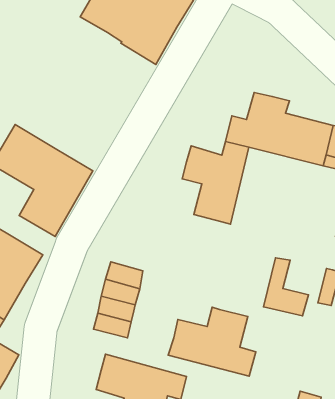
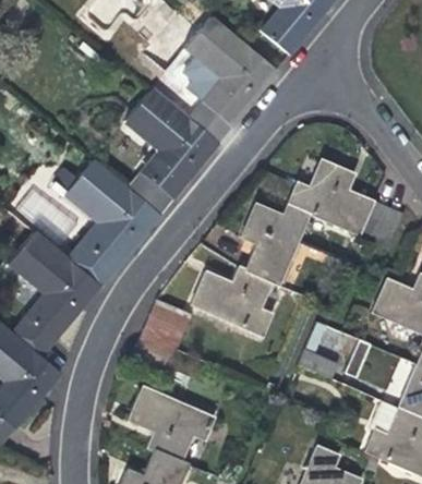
building: none -> [125,86,219,214]
building: [168,307,256,376] -> [192,266,274,336]

